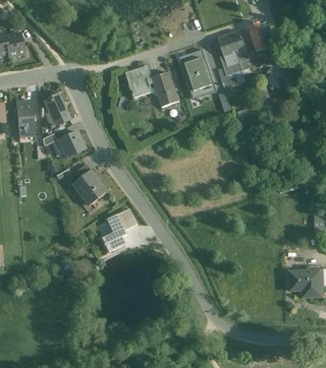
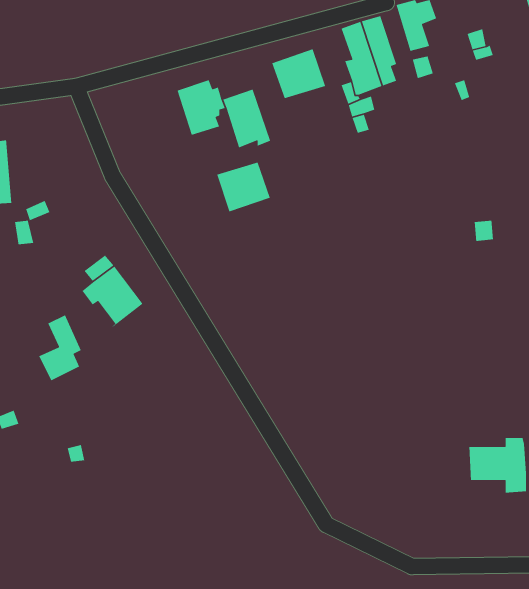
building: [186,70,217,99] -> [216,162,271,213]
building: [44,93,70,128] -> none
building: [58,130,85,157] -> none
building: [103,213,127,251] -> [38,314,82,382]

